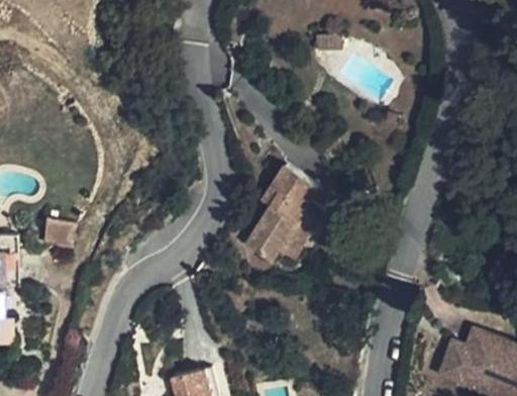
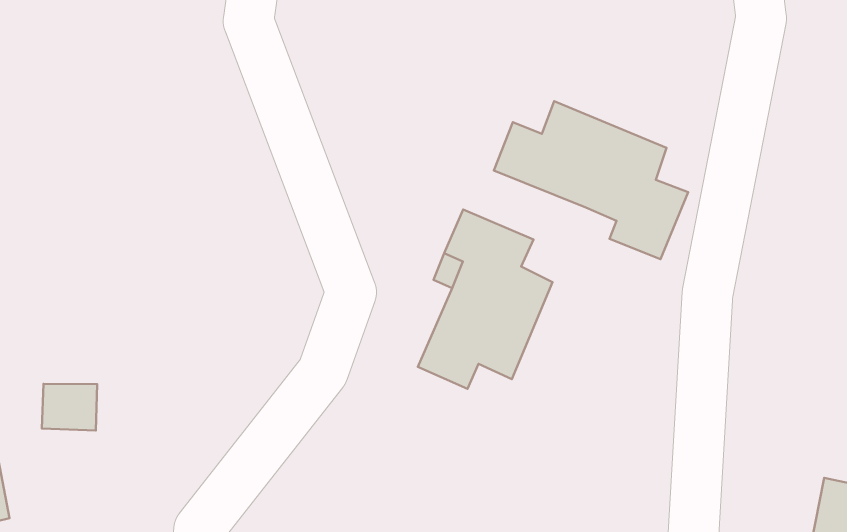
building: none -> [494,101,688,259]

